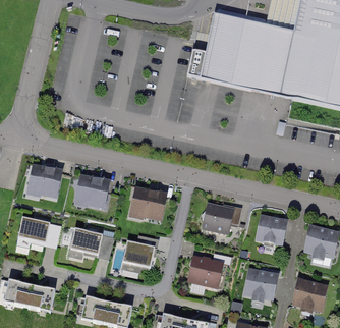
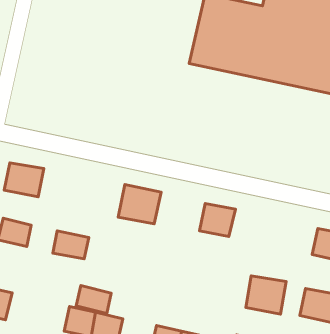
building: [74,173,111,208] -> none
building: [254,213,289,243] -> none
building: [123,240,155,266] -> [76,285,111,314]
building: [188,257,224,286] -> none
building: [27,283,56,313] -> none

